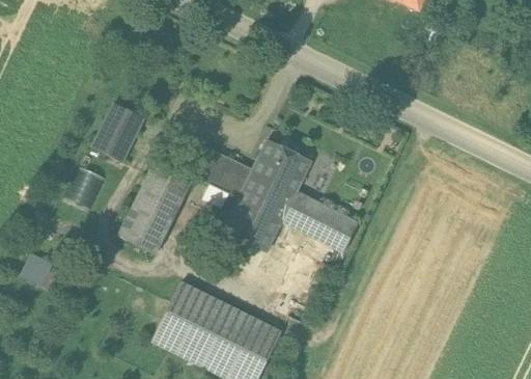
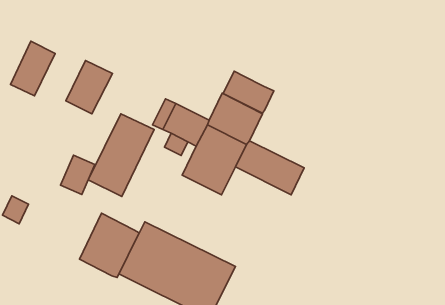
building: none -> [10,41,55,96]
building: none -> [223,71,274,113]
building: [67,164,106,208] -> [60,155,95,194]
building: none -> [79,213,139,277]

